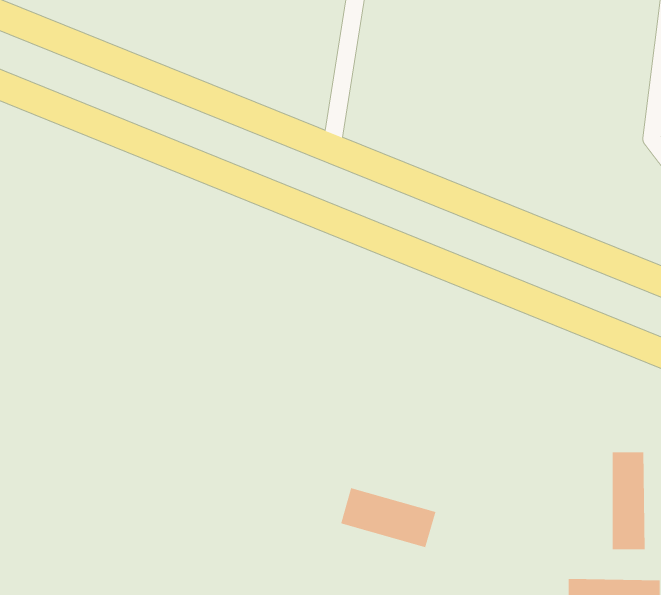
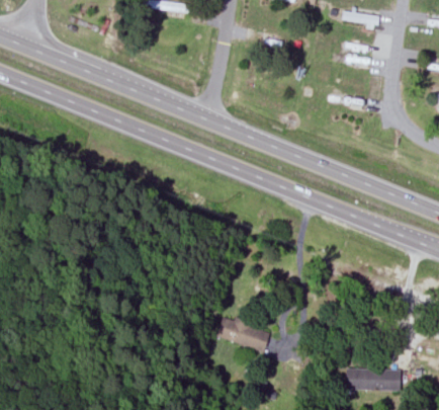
building: [612,451,646,550] -> none

